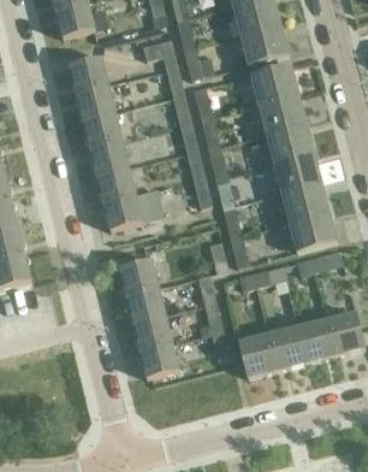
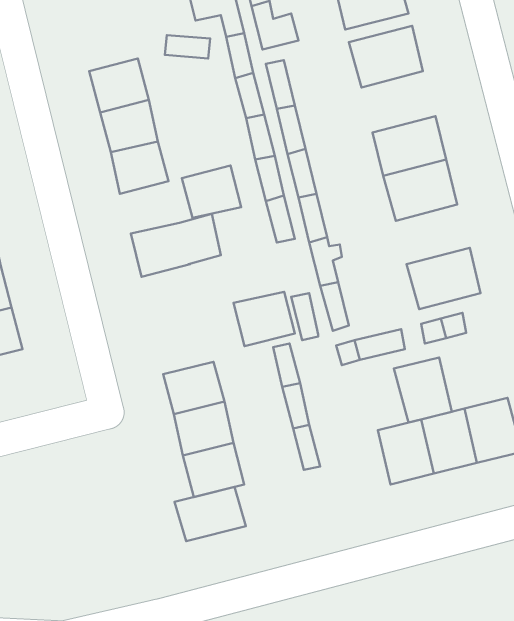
building: [69,58,108,94] -> none
building: [245,94,307,135] -> none
building: [96,167,136,202] -> [182,166,241,218]
building: [280,183,330,223] -> none
building: [118,260,159,296] -> [234,292,295,346]
building: [238,334,277,377] -> [394,358,452,423]
building: none -> [175,487,246,541]

